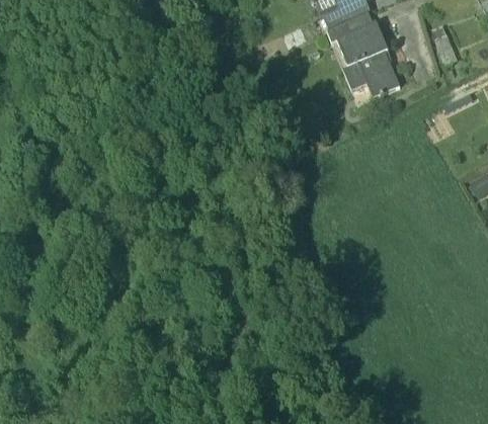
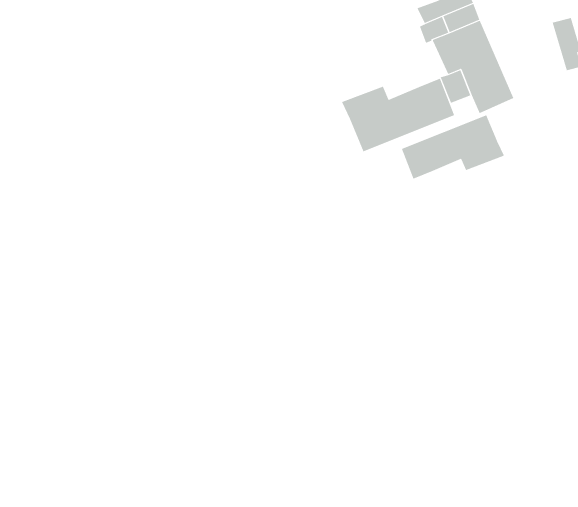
building: none -> [342,78,455,152]
building: none -> [401,114,504,180]

